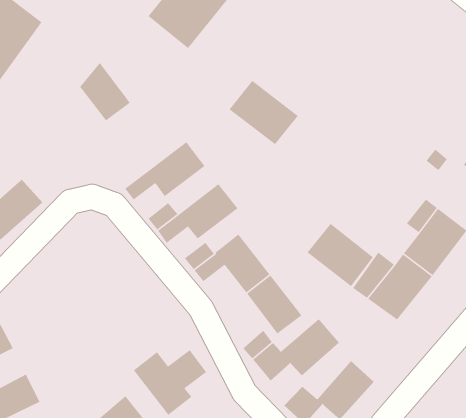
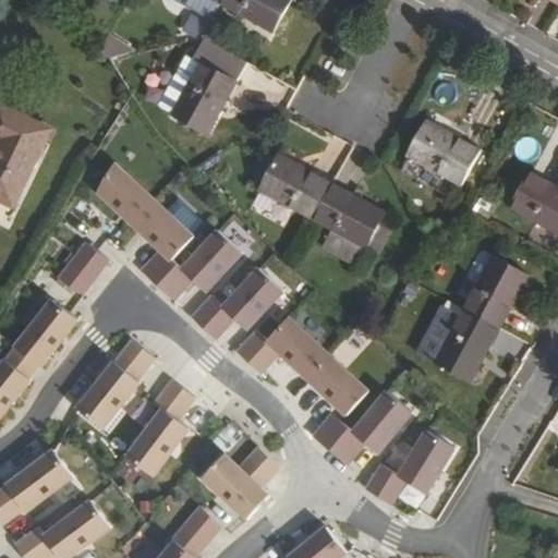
building: none -> [405,122,477,184]
building: none -> [131,199,193,290]
building: none -> [58,243,109,296]
building: [307,223,374,287] -> [311,184,381,247]
building: none -> [76,339,155,429]
building: none -> [125,379,194,475]

